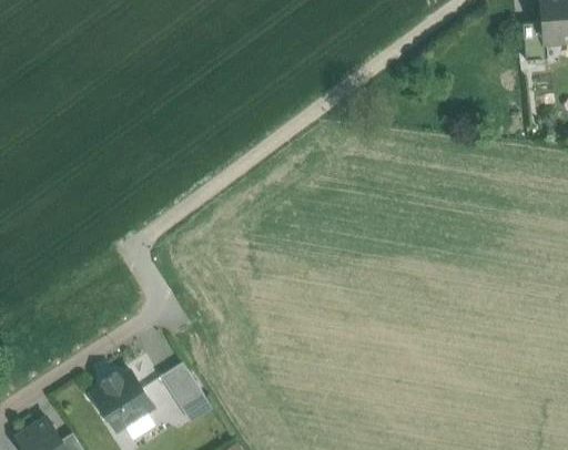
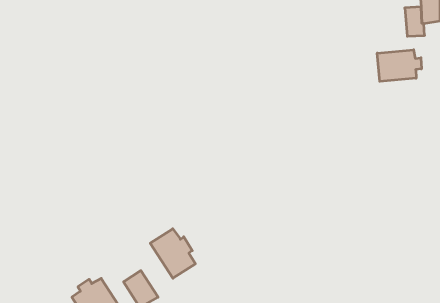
building: none -> [377,50,421,81]
building: none -> [150,229,195,278]

